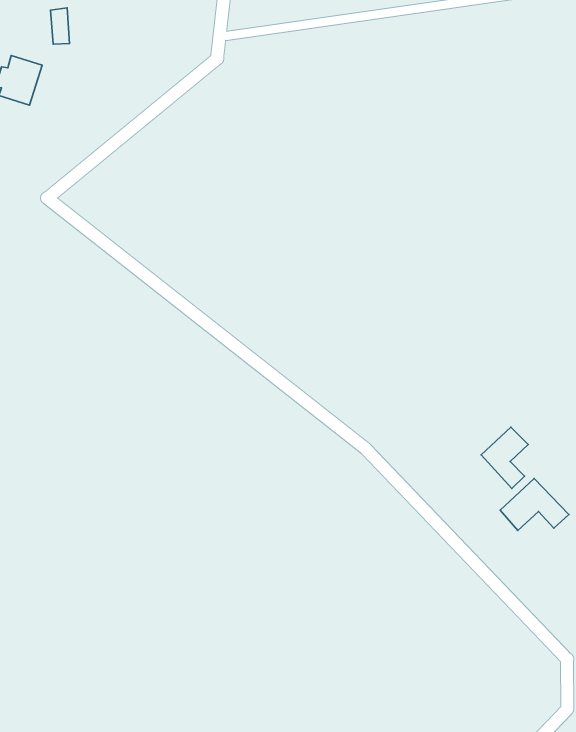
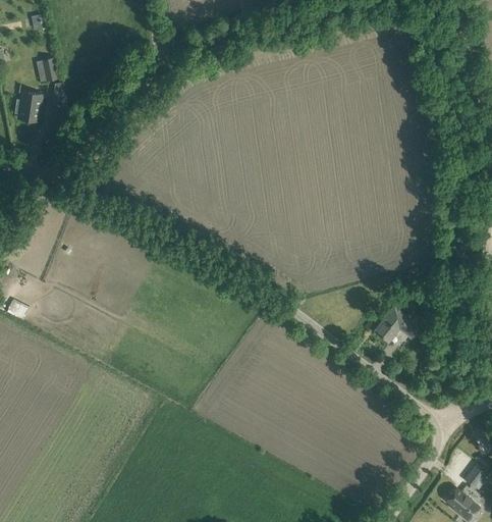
building: [481,427,528,488] -> none

